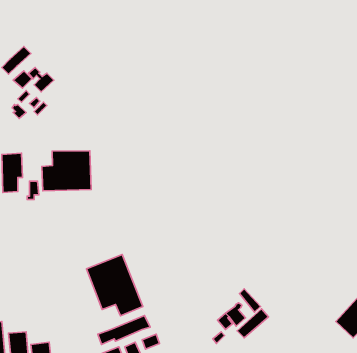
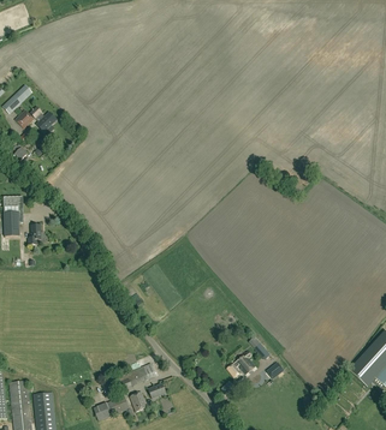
building: [42,151,91,191] -> none
building: [86,255,143,316] -> none

